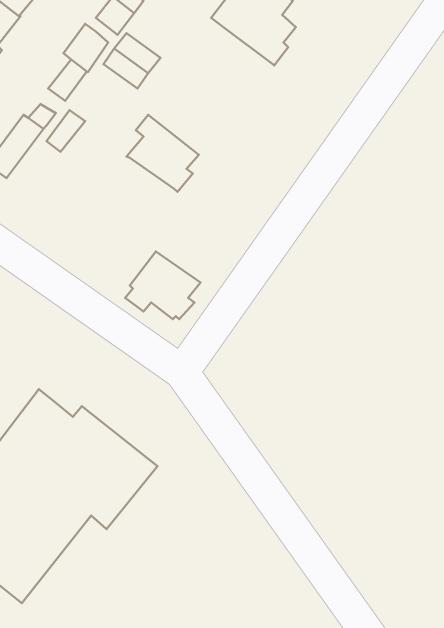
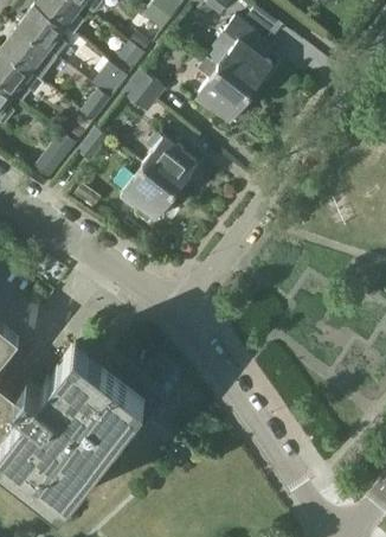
building: none -> [193,59,250,123]
building: [125,252,201,319] -> [116,167,174,219]

